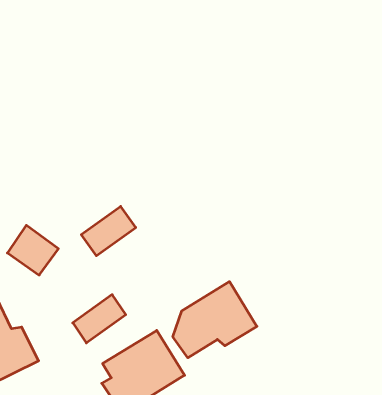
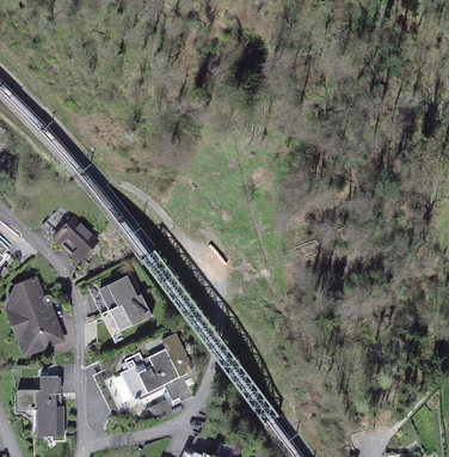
building: [81,206,136,256] -> [92,270,143,312]
building: [173,282,257,358] -> none

